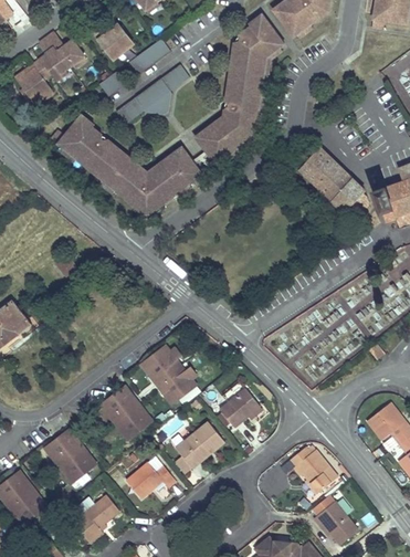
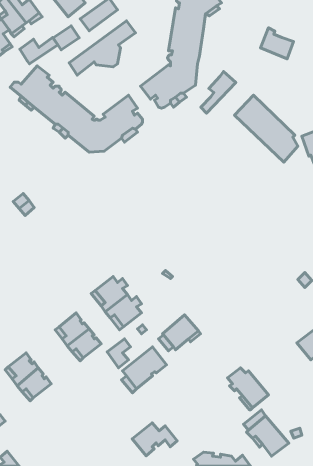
building: none -> [260,28,294,59]
building: none -> [20,37,58,64]
building: none -> [201,72,236,113]
building: [126,462,176,498] -> [132,423,177,456]
building: [71,494,119,543] -> none

